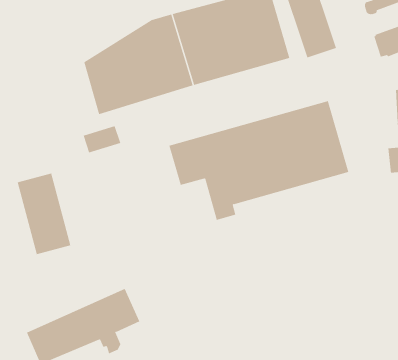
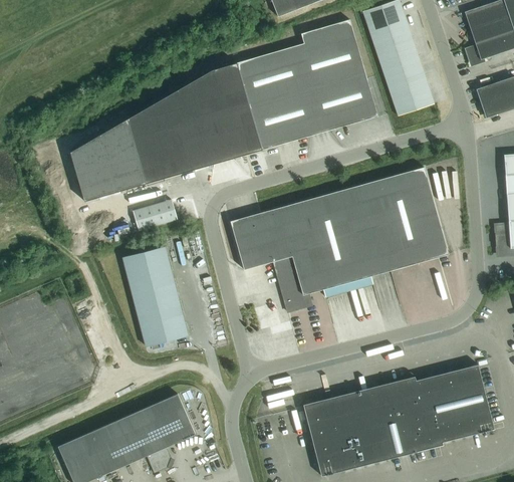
building: none -> [74,120,147,202]
building: [17,173,71,255] -> [123,247,189,345]
building: none -> [304,364,494,475]

